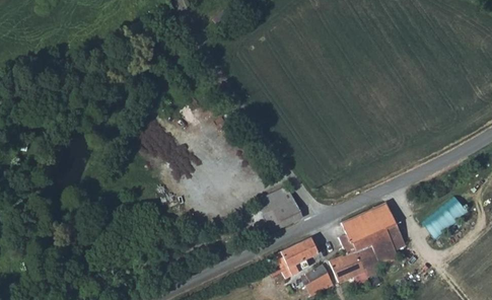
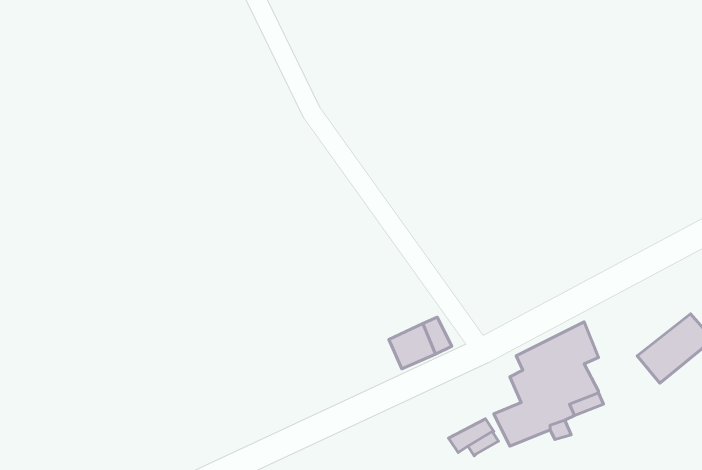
building: [258,188,294,214] -> none
building: [274,236,320,277] -> none

